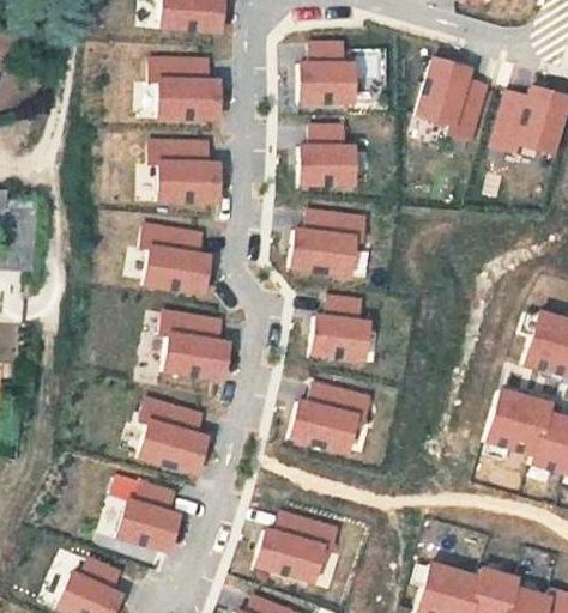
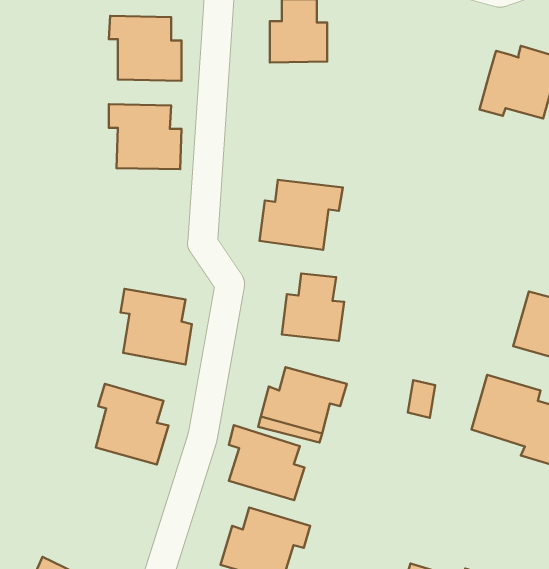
building: [418,60,488,139] -> none
building: [302,126,356,186] -> none
building: [144,225,210,293] -> none
building: none -> [229,425,304,500]
building: [117,482,179,551] -> none

